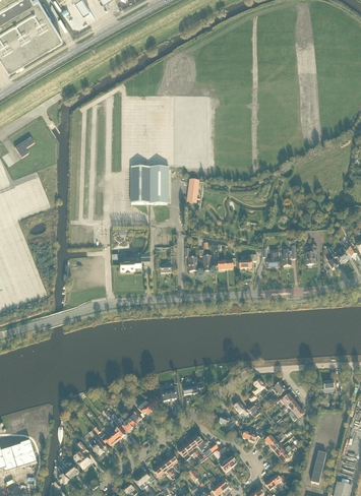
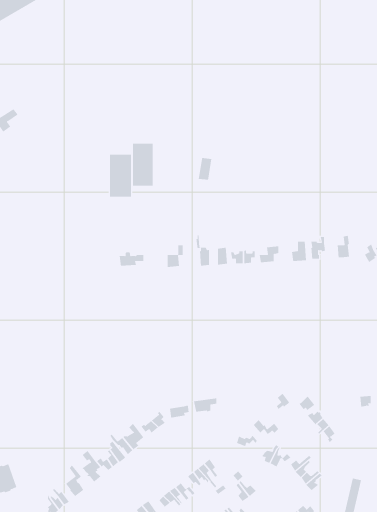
building: [148,167,168,203] -> [109,154,132,197]

